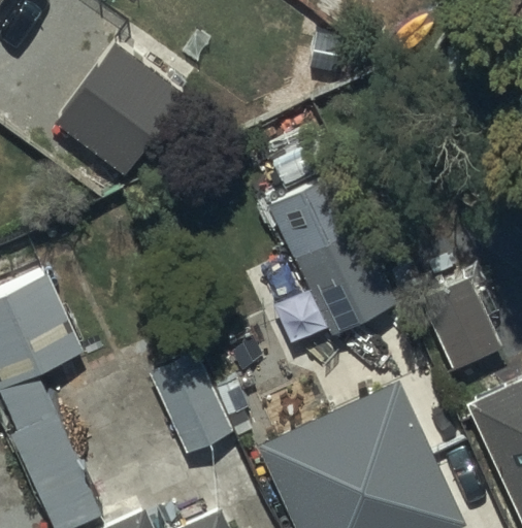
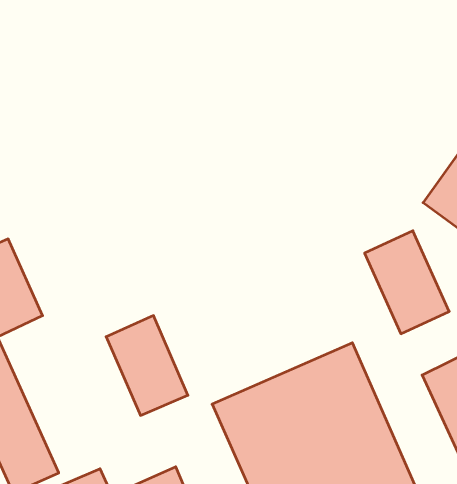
building: [58,47,187,182] -> none
building: [274,179,404,344] -> none

